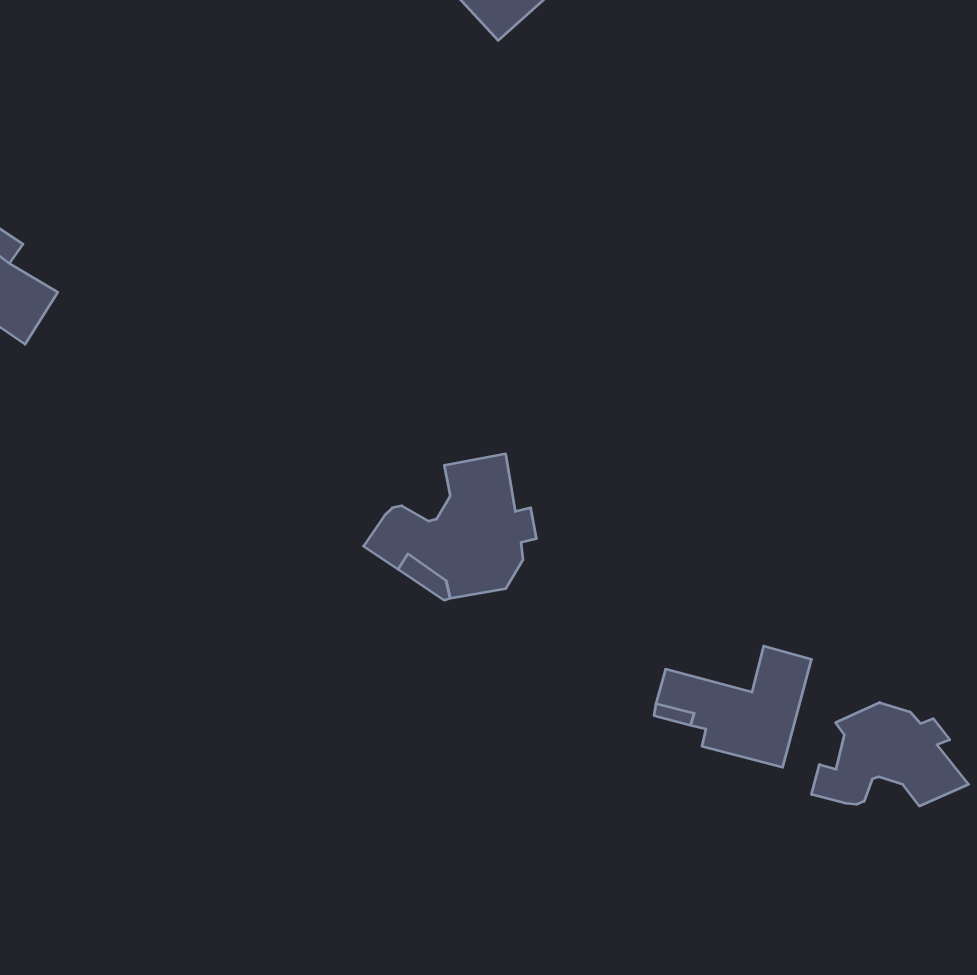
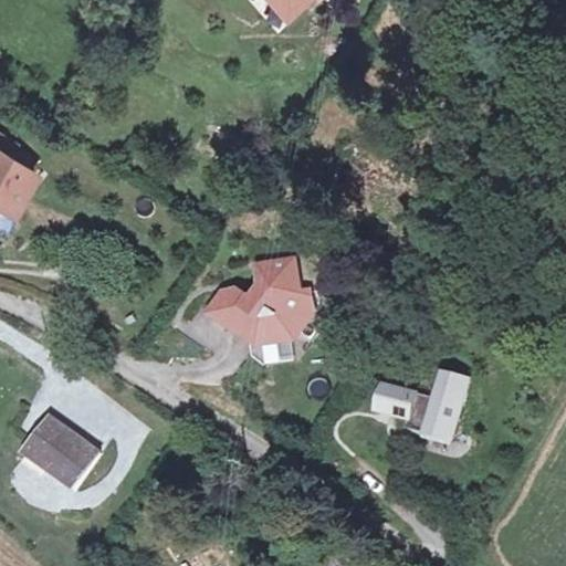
building: [812,702,969,806] -> none
building: none -> [24,411,96,479]

